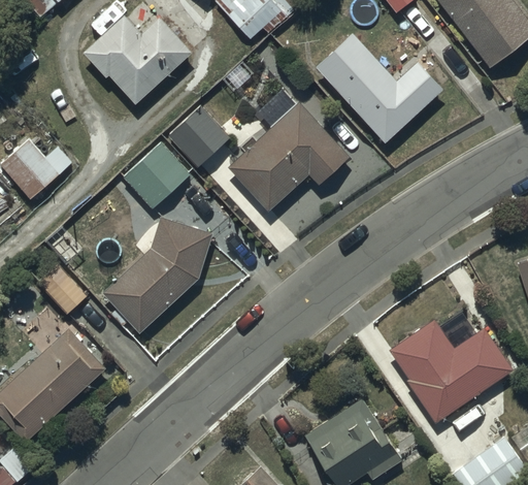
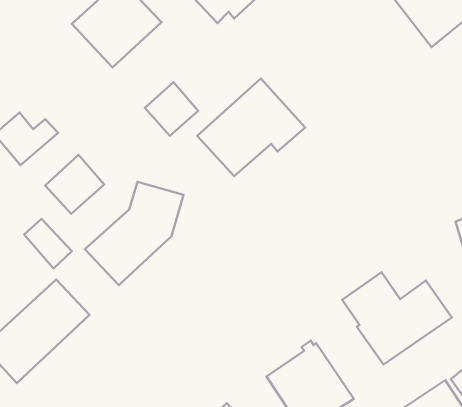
building: [316,32,443,142] -> none
building: [124,143,190,209] -> [45,155,104,214]

